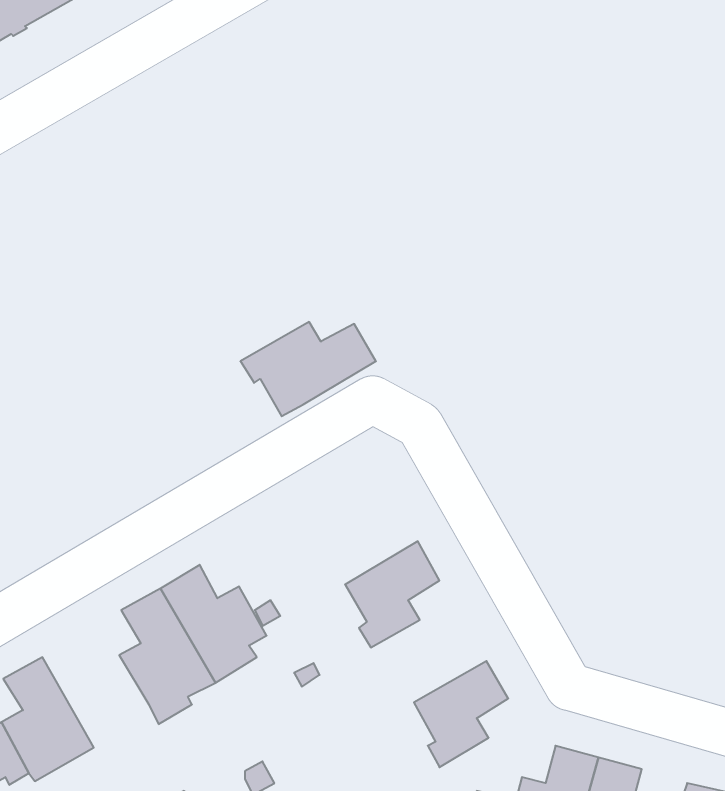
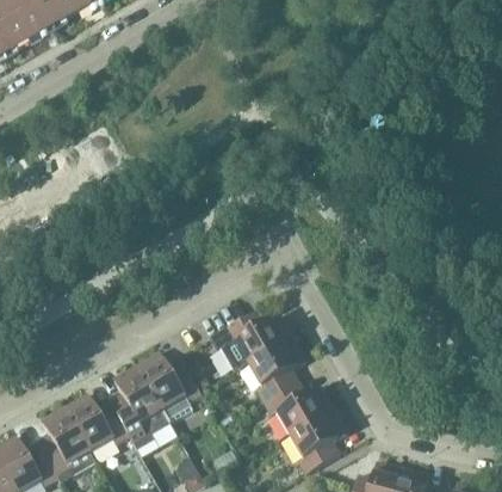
building: [240,322,376,416] -> [207,314,290,371]
building: none -> [261,386,331,436]
building: none -> [62,394,126,453]

